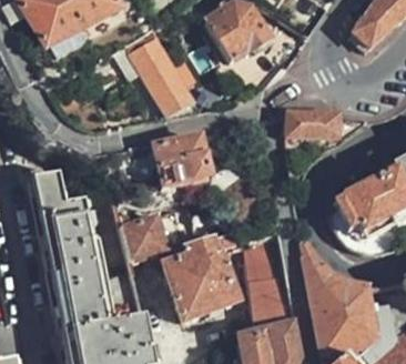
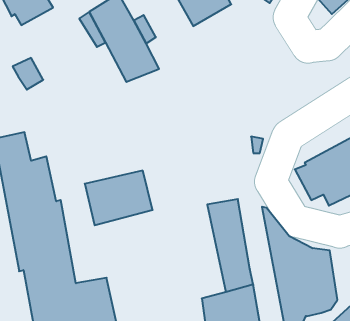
building: [286,107,342,136] -> none
building: [150,134,204,188] -> none
building: [168,231,240,314] -> none

